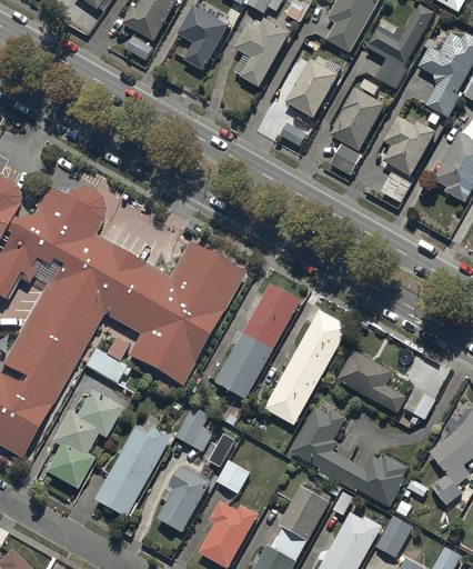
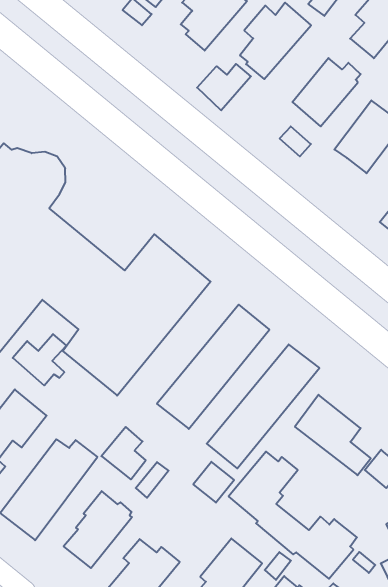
building: none -> [197,64,251,110]
building: [330,142,362,174] -> none
building: [215,459,250,493] -> [193,462,234,503]

